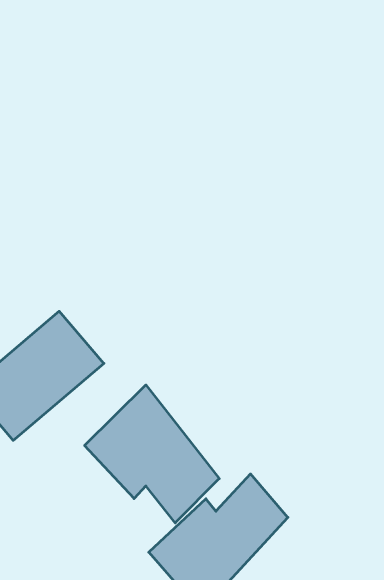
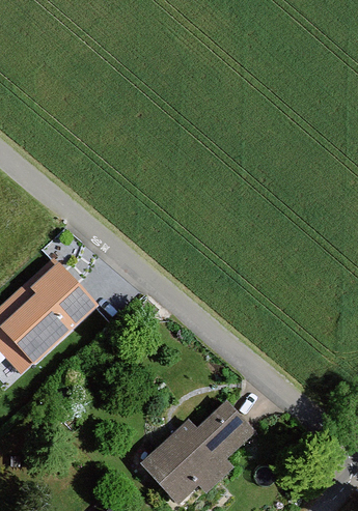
building: [85,385,219,523] -> none

